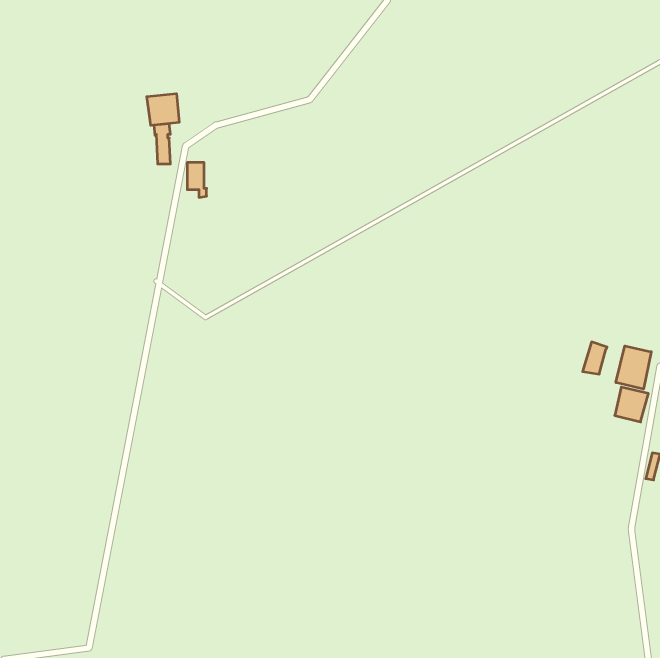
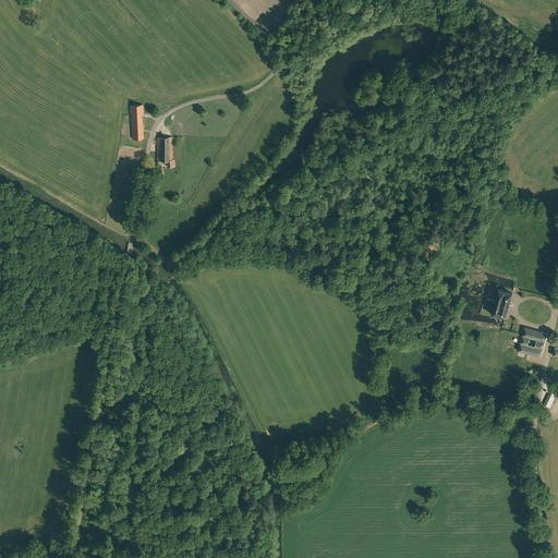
building: [147,94,179,125] -> none
building: [616,346,651,389] -> none

